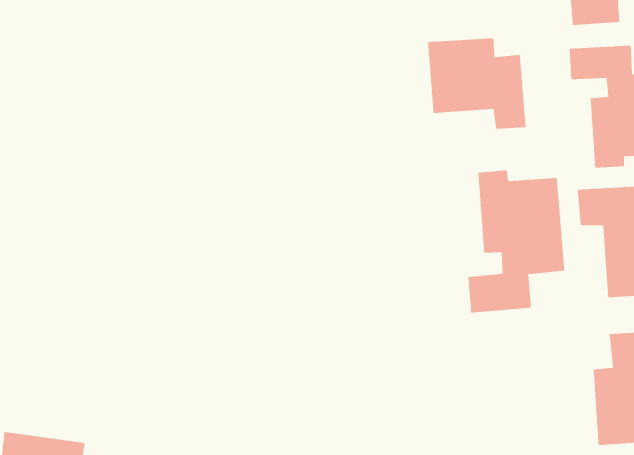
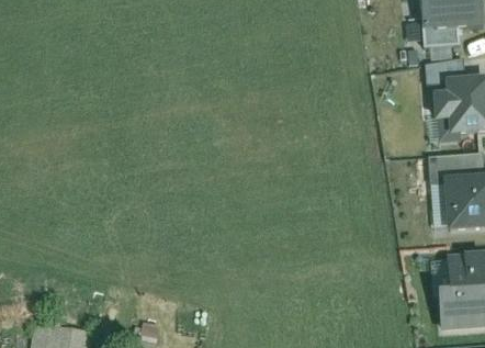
building: [427,38,526,129] -> none
building: [467,170,565,313] -> none

